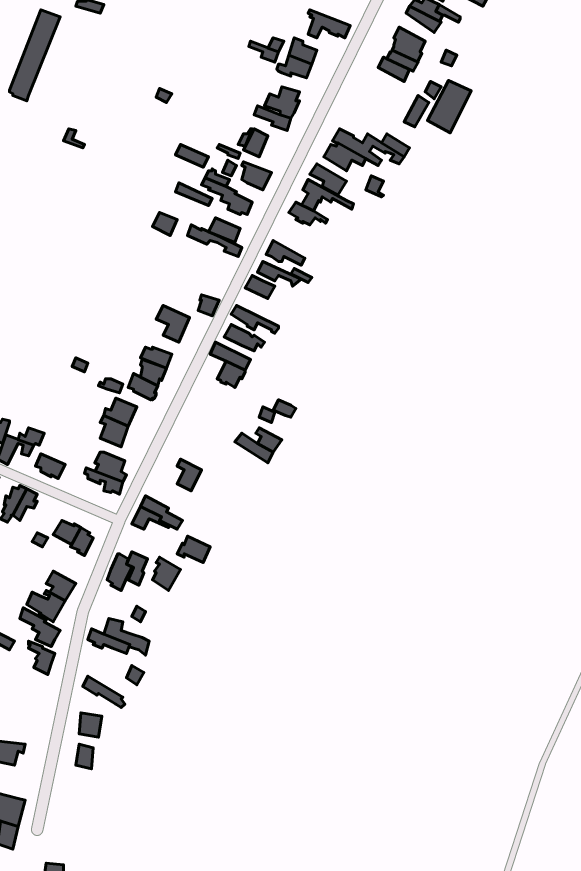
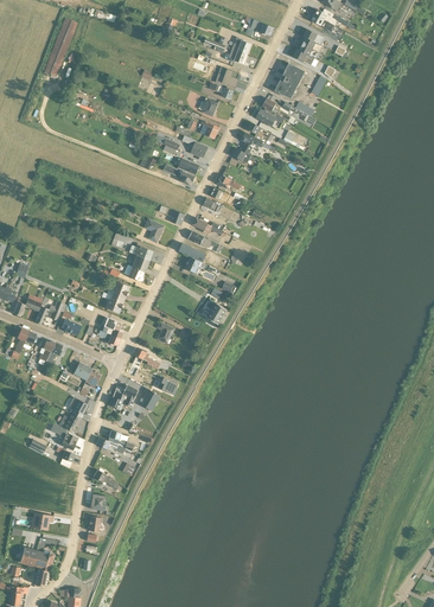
building: [427,80,471,133] -> [275,63,305,98]

